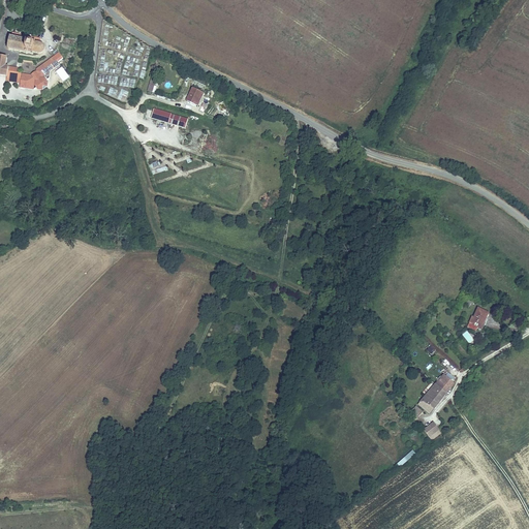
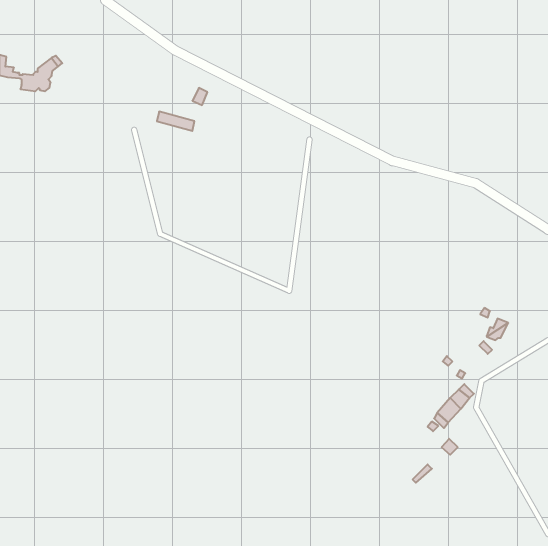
building: [5,31,45,52] -> none

